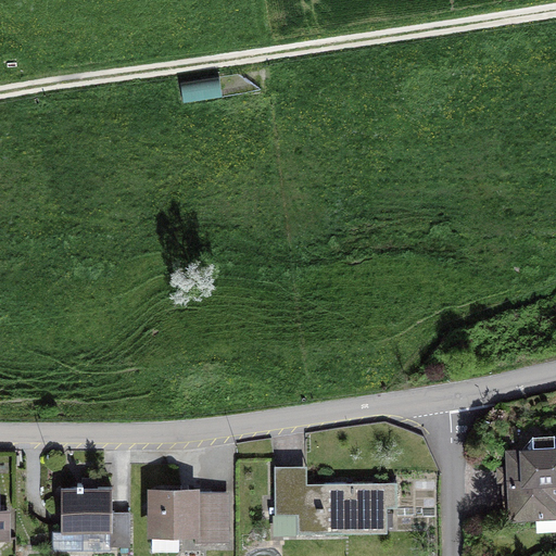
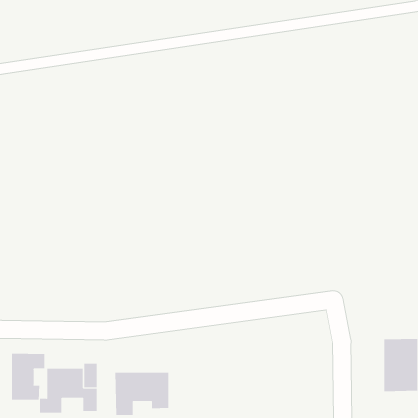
building: [273,467,399,531] -> none
building: none -> [11,353,45,401]

